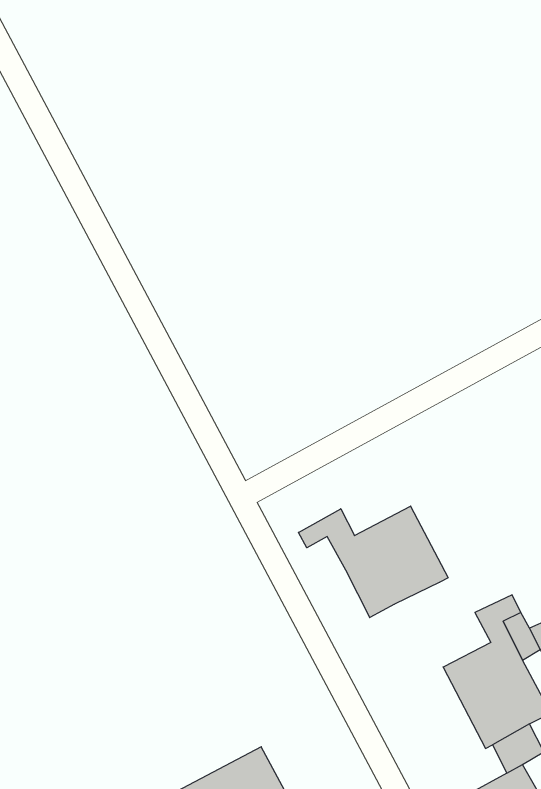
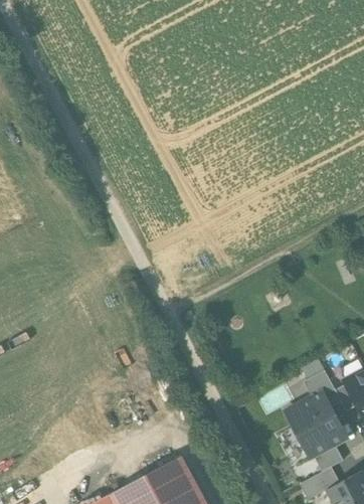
building: [298,506,448,618] -> none

